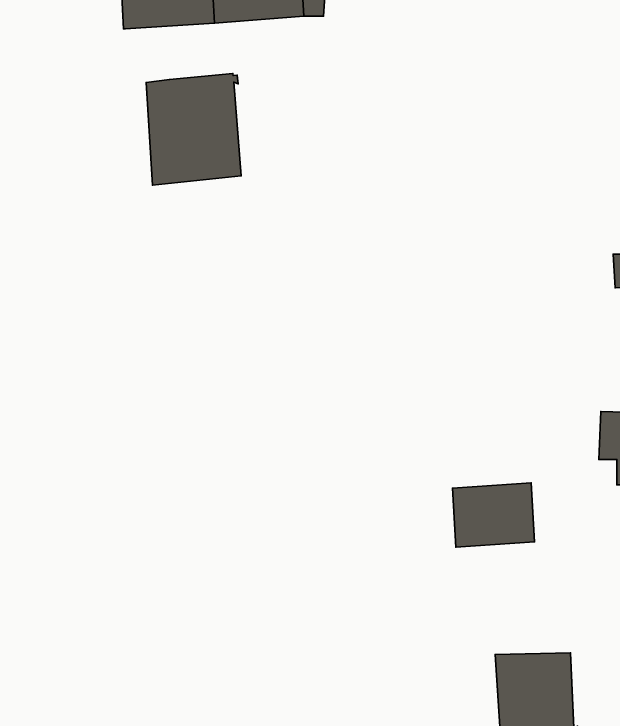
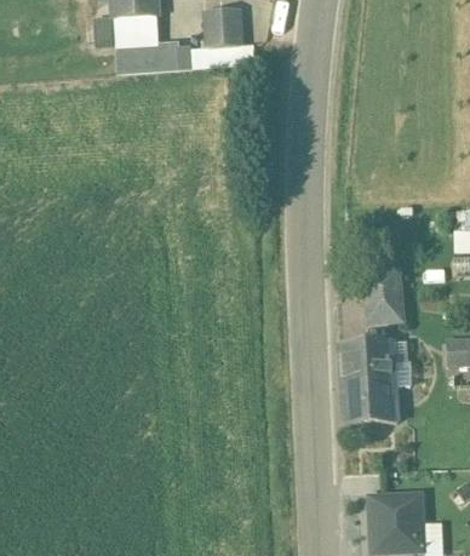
building: [146,73,241,185] -> none
building: none -> [368,269,403,321]
building: none -> [340,340,396,383]

